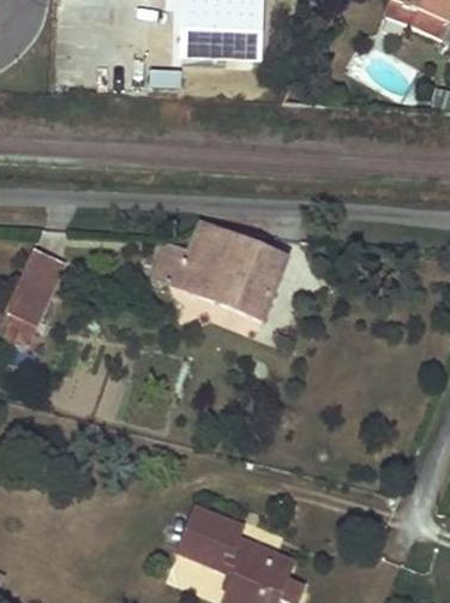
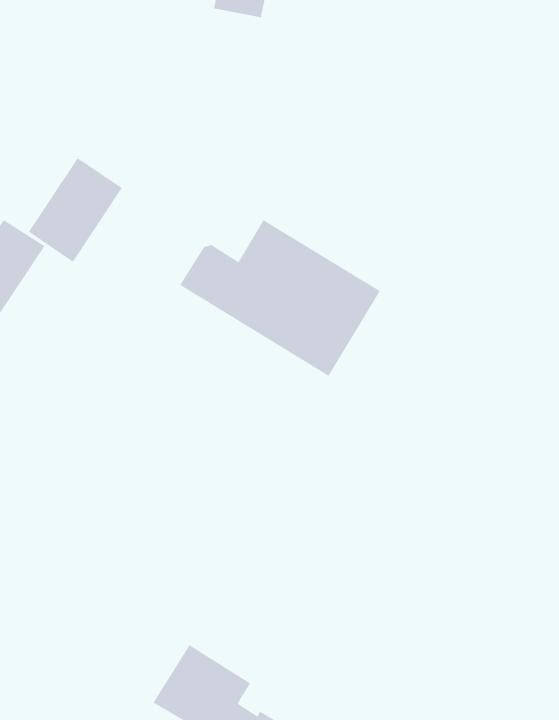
building: none -> [28,157,123,263]

